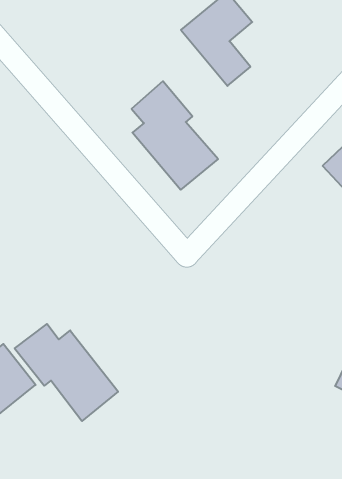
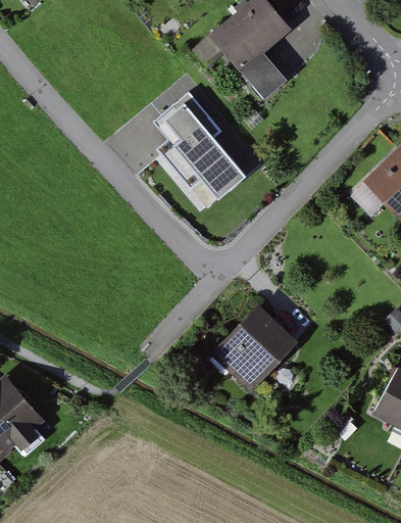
building: none -> [209,308,291,389]
building: [15,324,118,421] -> none

